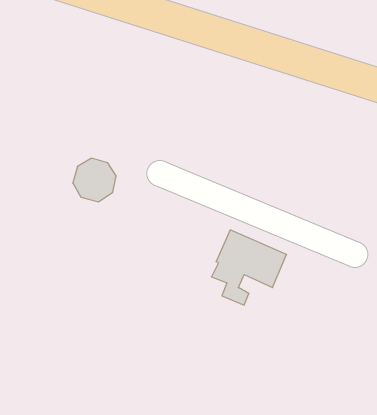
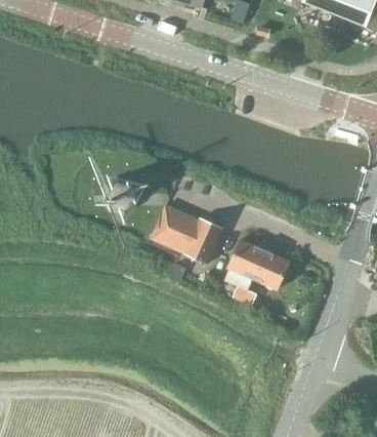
building: none -> [157,212,214,263]

